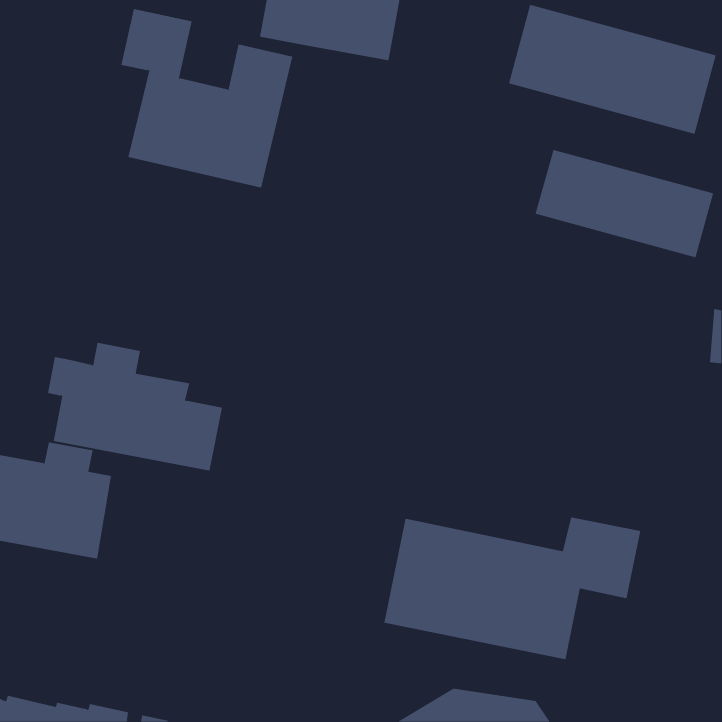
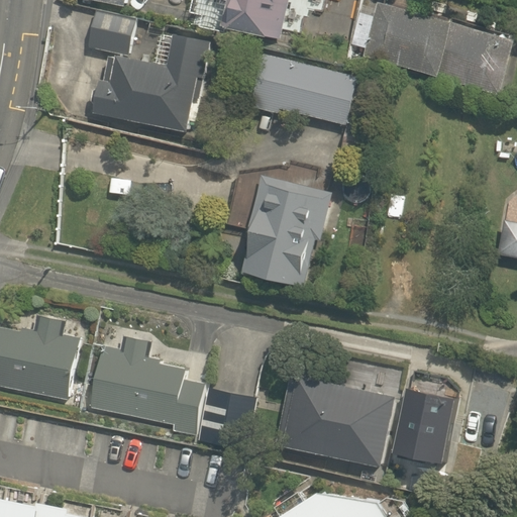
building: none -> [241,51,355,132]
building: [535,149,714,258] -> none
building: none -> [234,176,332,287]
building: [47,342,223,471] -> [84,337,209,429]

